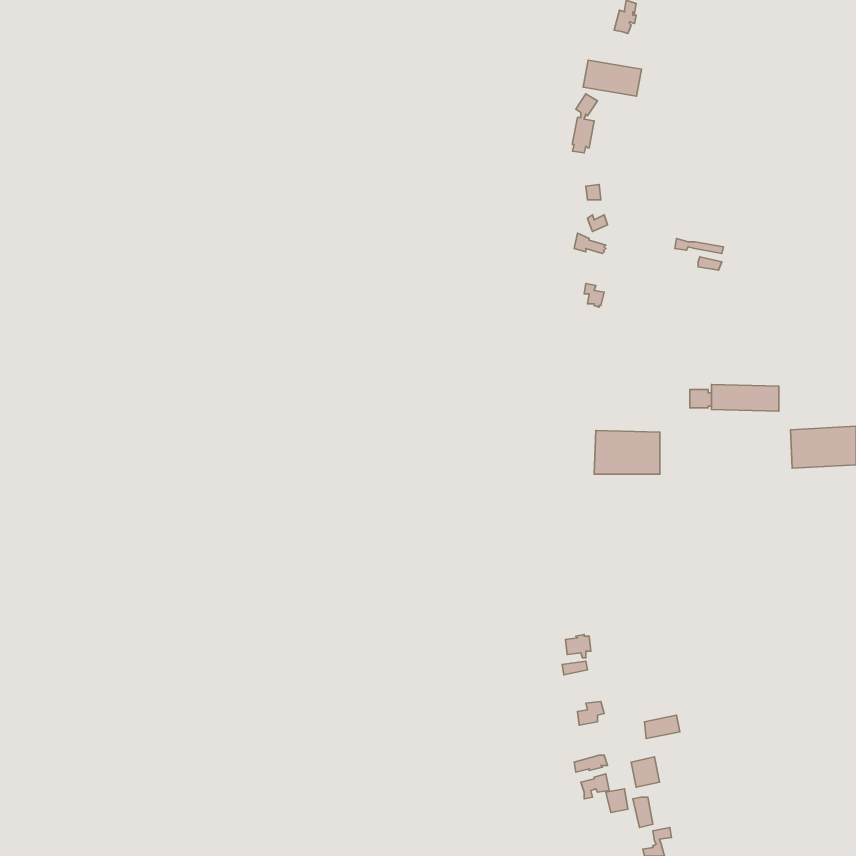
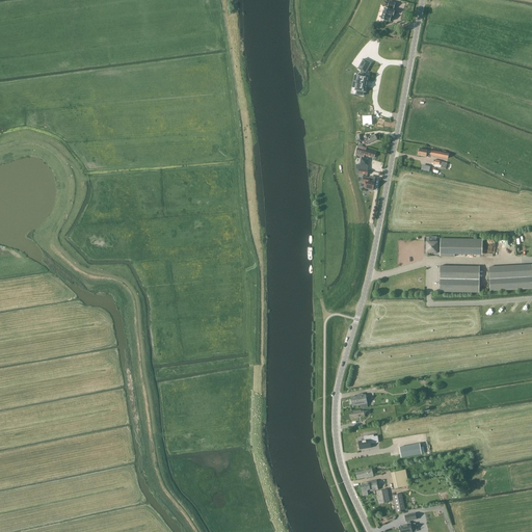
building: [583,60,642,96] -> none
building: [594,430,660,474] -> [440,265,480,292]

